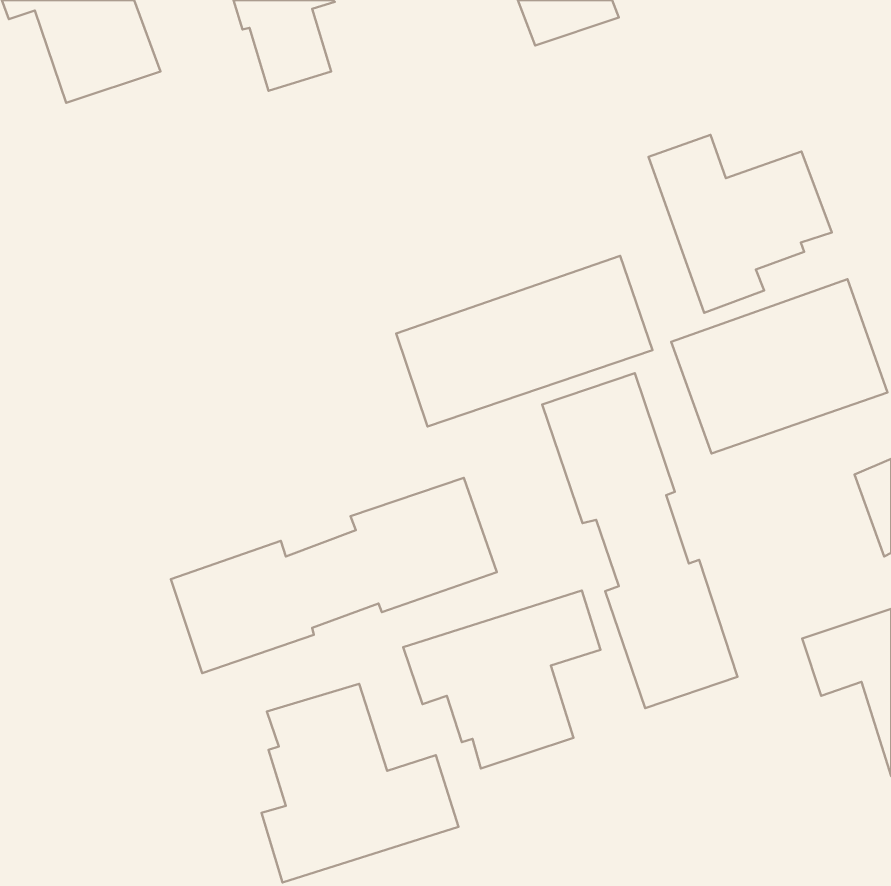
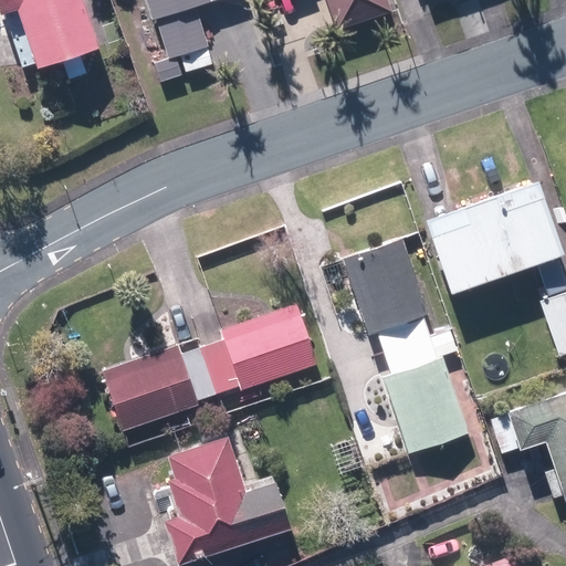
building: [649,135,832,313] -> none
building: [396,256,652,427] -> none
building: [403,590,601,768] -> none

